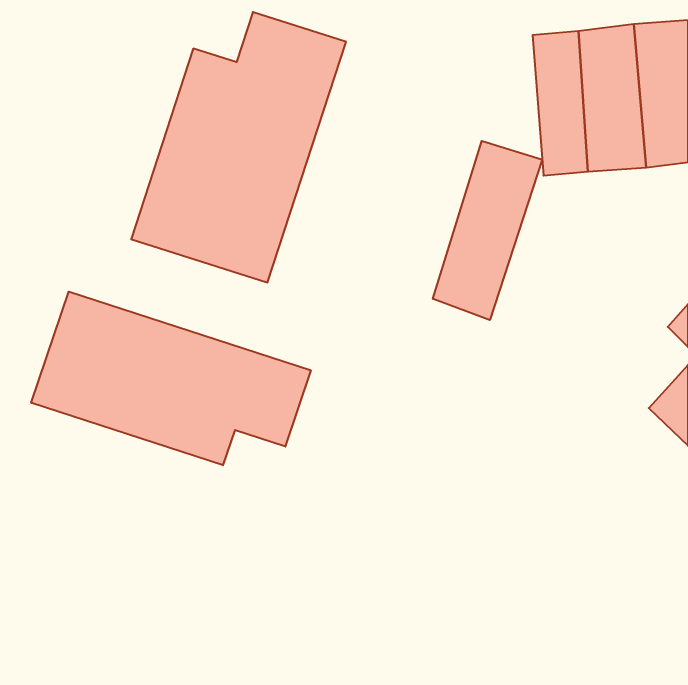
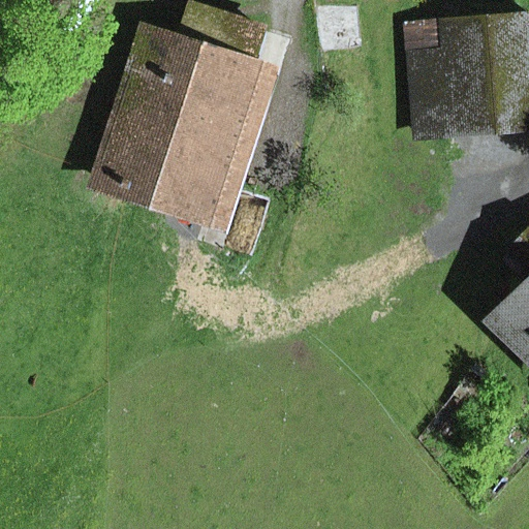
building: [433,141,542,320] -> none
building: [31,292,311,465] -> none

